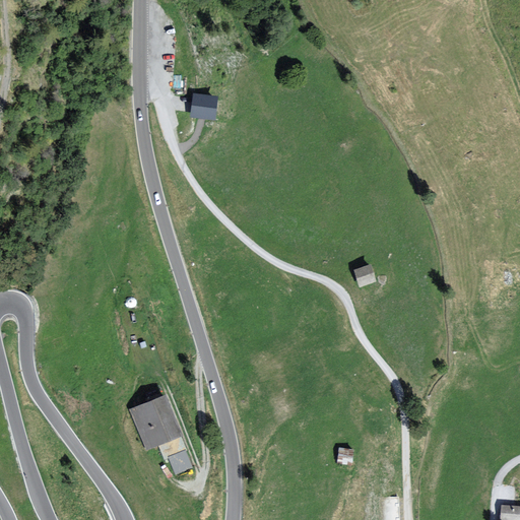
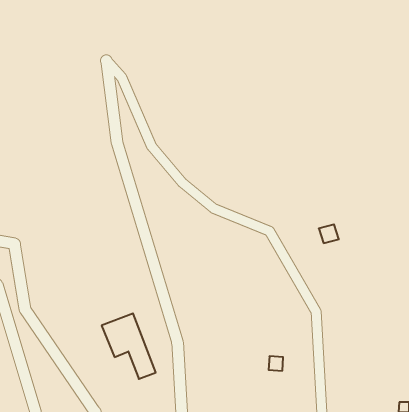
building: [188,93,212,117] -> none
building: [353,263,379,286] -> [319,224,339,243]

